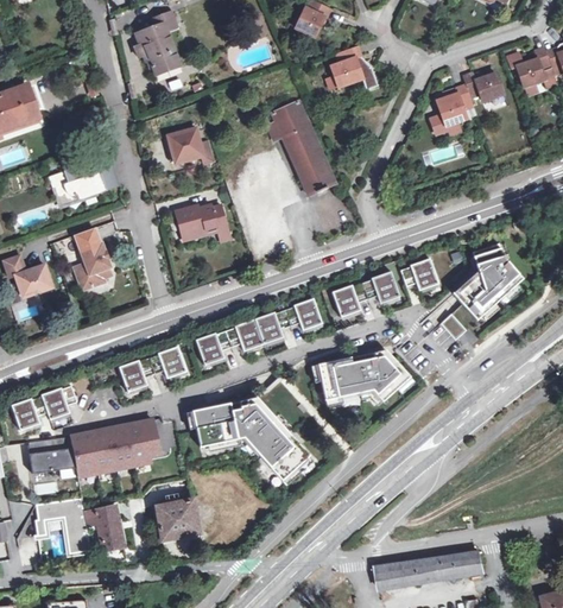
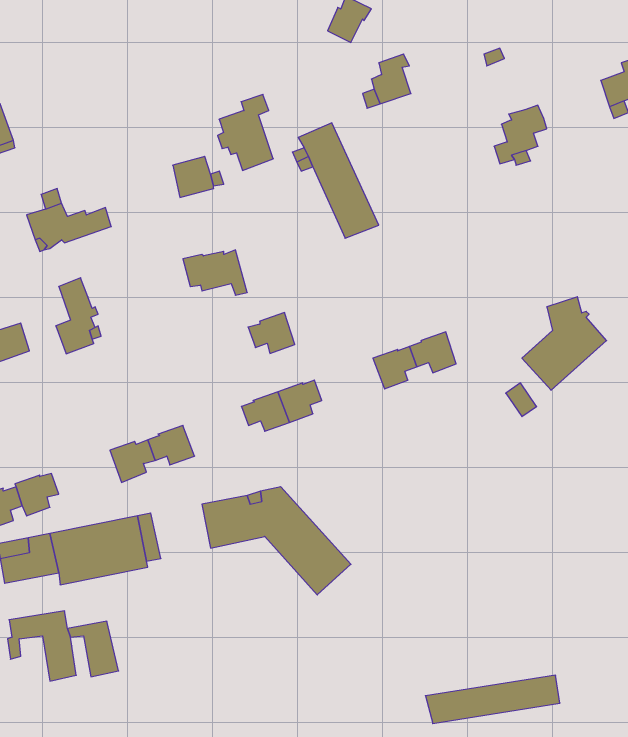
building: [134,13,179,75] -> [218,94,273,170]
building: [462,74,504,102] -> none
building: [400,258,438,291] -> none
building: [284,298,322,331] -> [248,313,295,353]
building: [195,331,230,366] -> none
building: [317,349,409,400] -> none
building: [154,495,200,542] -> none

